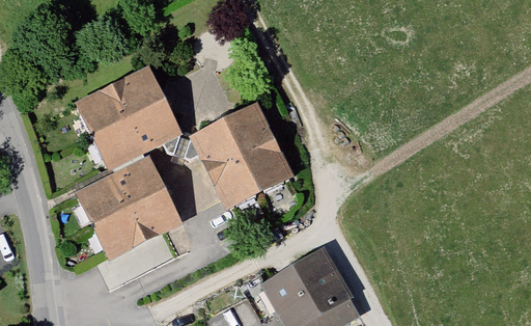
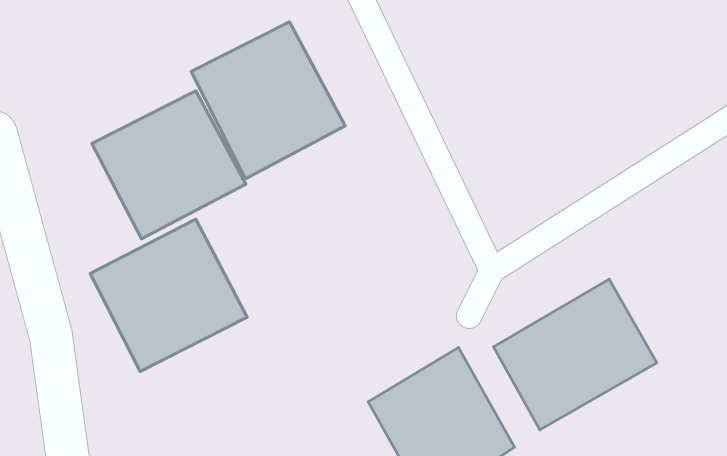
building: [187,103,292,211] -> [191,22,345,179]
building: none -> [493,279,657,430]

